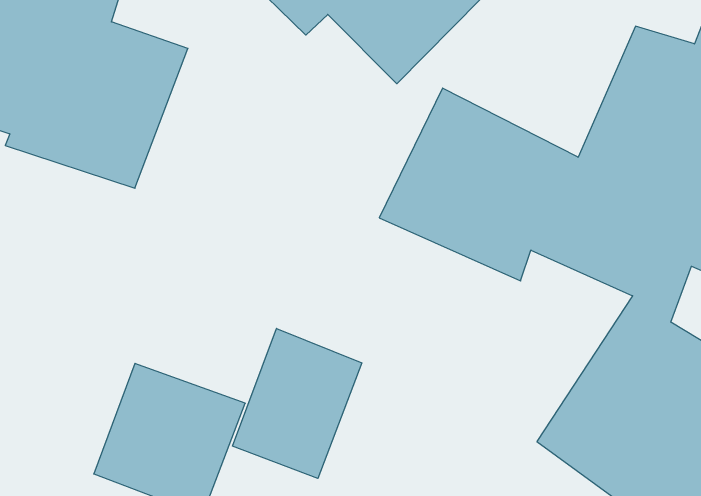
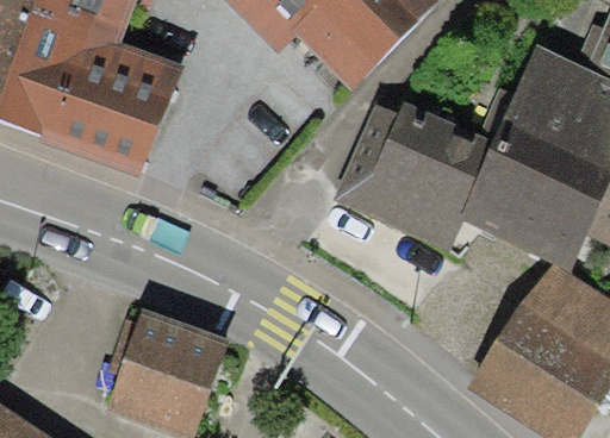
building: [232,328,362,478] -> none

